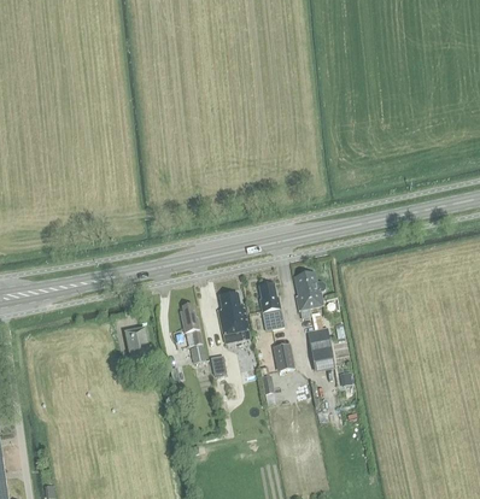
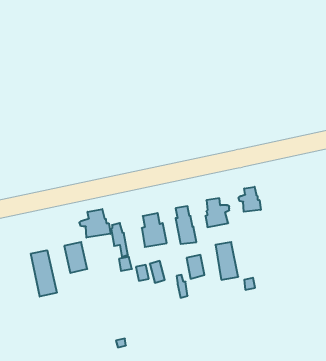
building: none -> [239,187,261,212]
building: none -> [79,209,110,238]
building: none -> [31,250,57,297]

